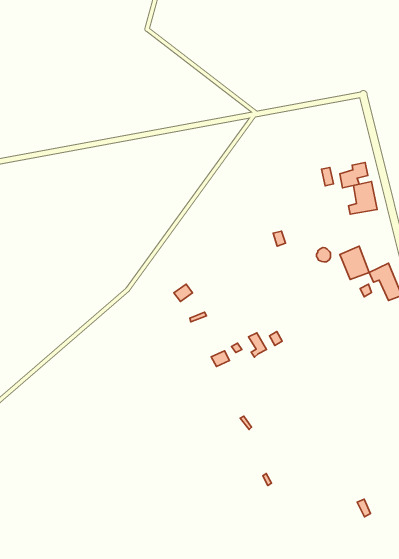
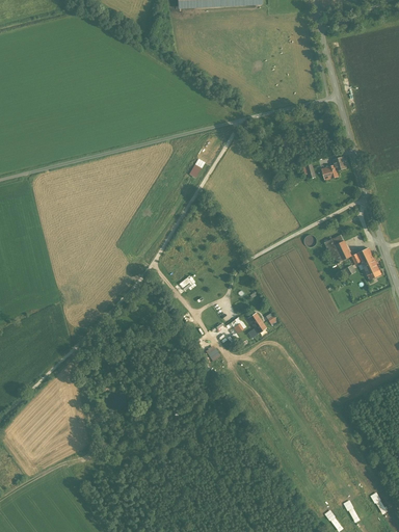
building: [348,181,377,214] -> none

